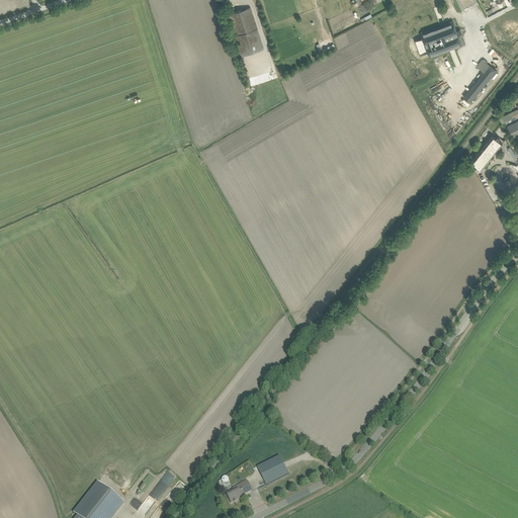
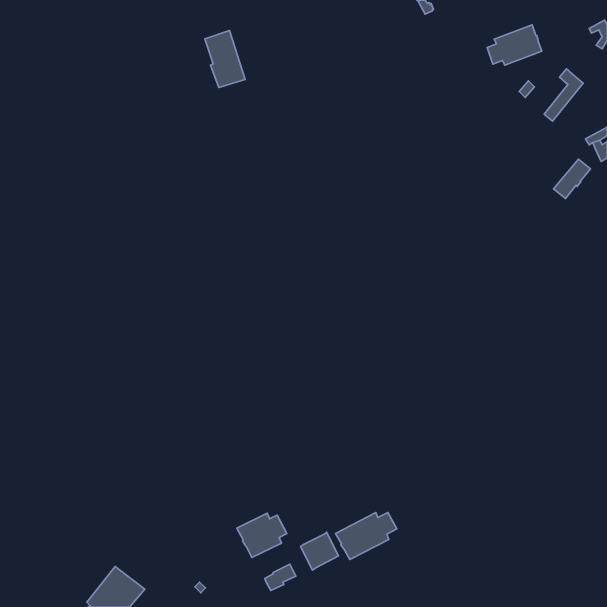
building: [229,7,263,56] -> [205,31,245,88]
building: none -> [336,512,397,560]
building: none -> [237,513,287,557]

